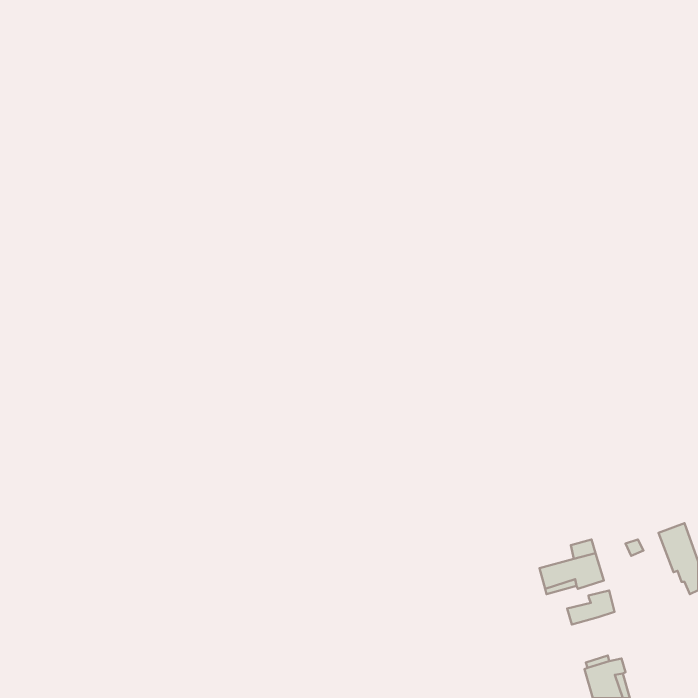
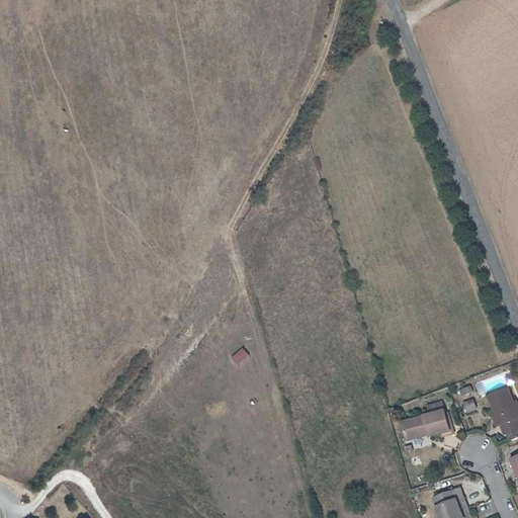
building: [567,591,615,624] -> none

